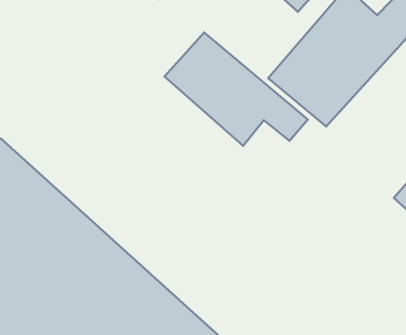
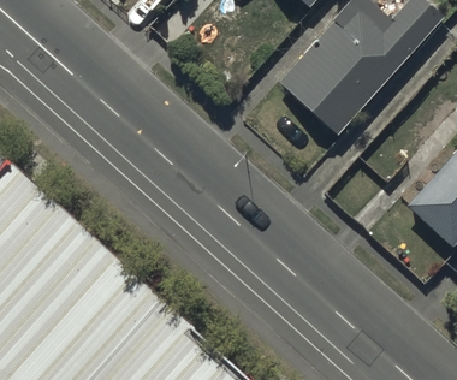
building: [165,33,308,146] -> none

